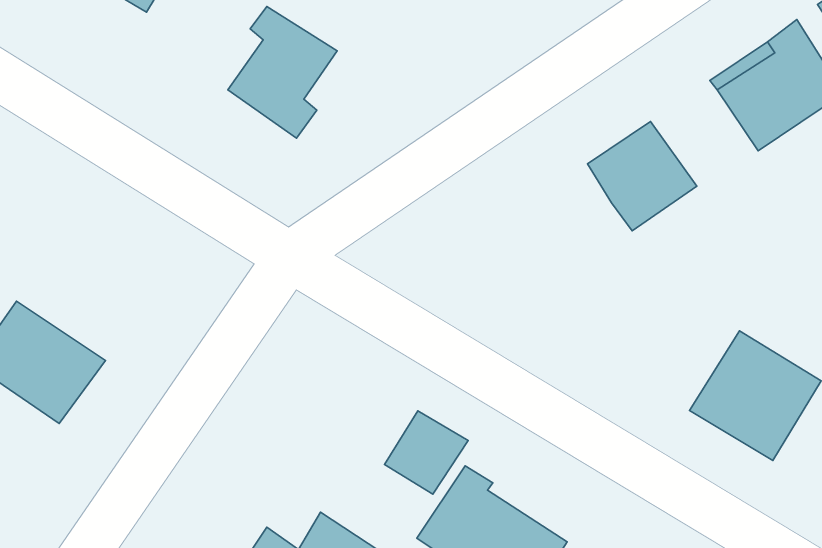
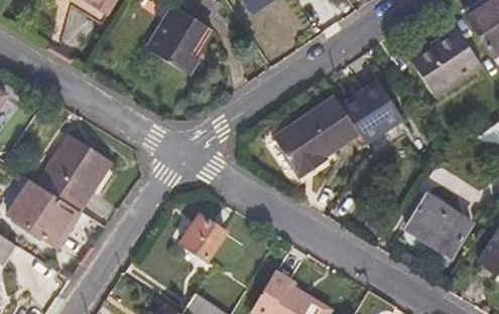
building: none -> [273,94,356,172]
building: none -> [40,134,119,210]
building: [385,411,468,494] -> [179,213,225,259]

